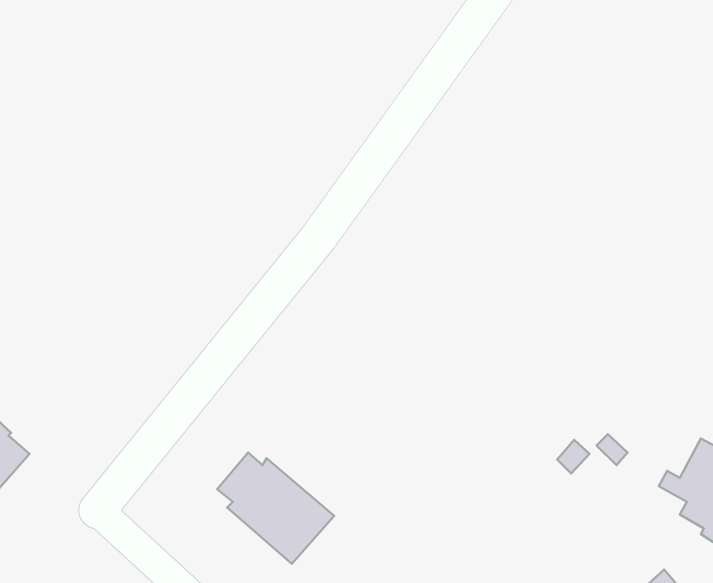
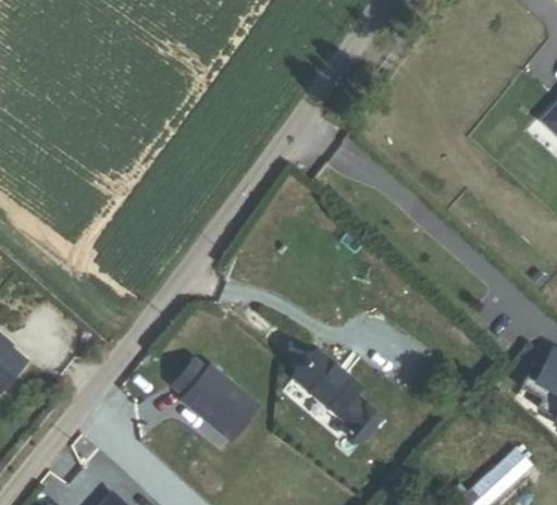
building: none -> [294,348,381,439]

